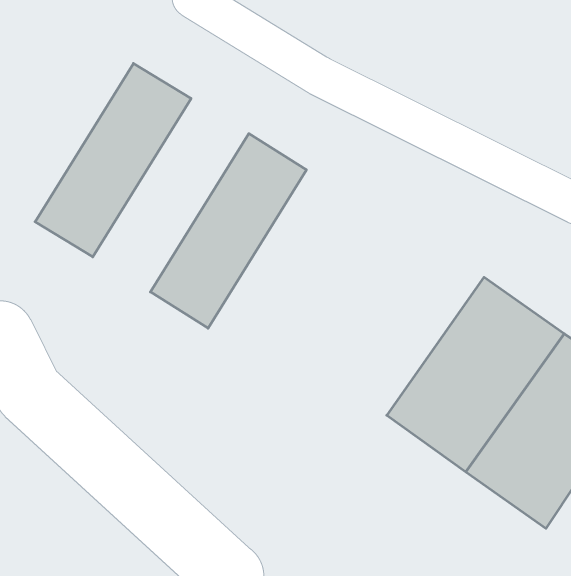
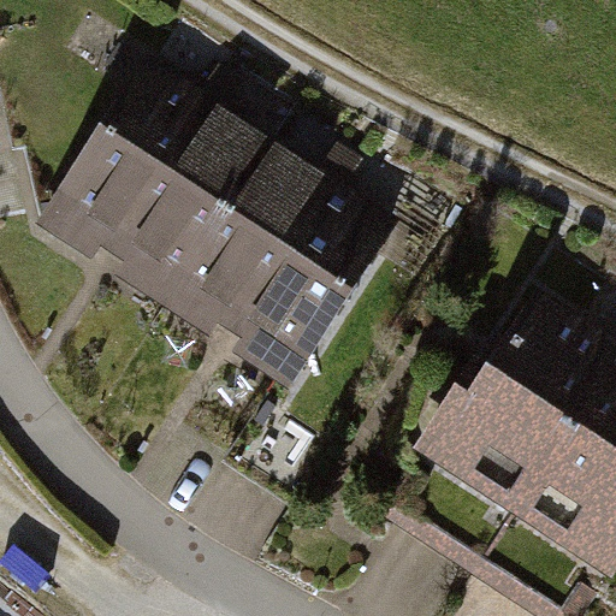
building: none -> [106,105,272,310]
building: none -> [229,180,393,386]

